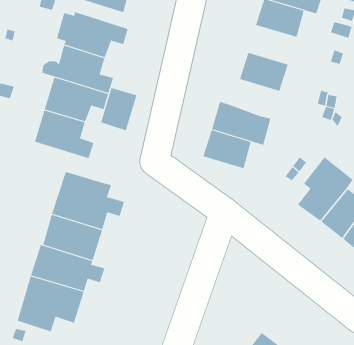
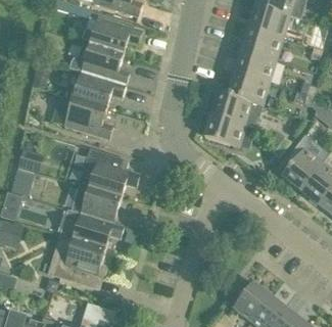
building: none -> [241,27,282,59]
building: none -> [227,72,268,104]
building: [100,87,137,131] -> none

